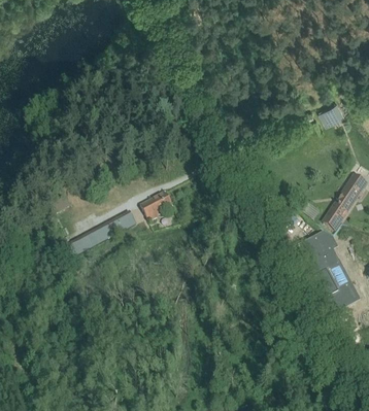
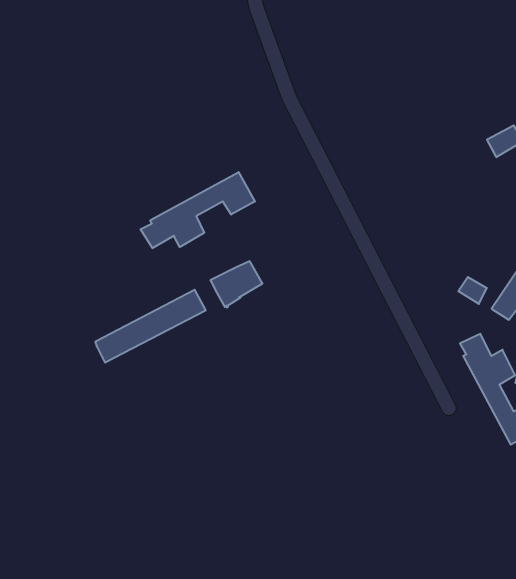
building: none -> [141,172,255,248]

